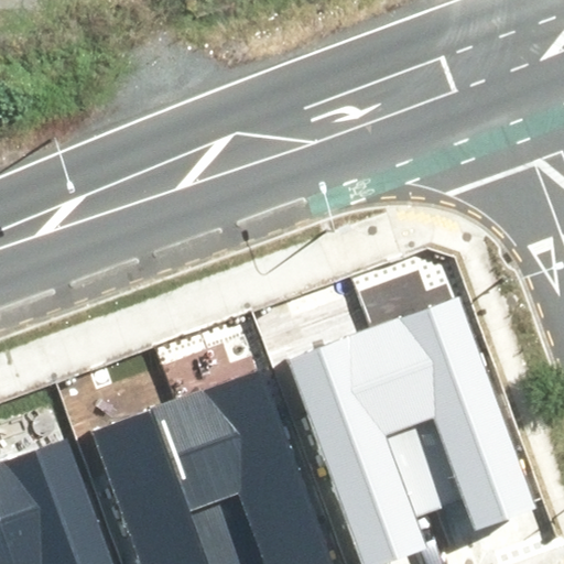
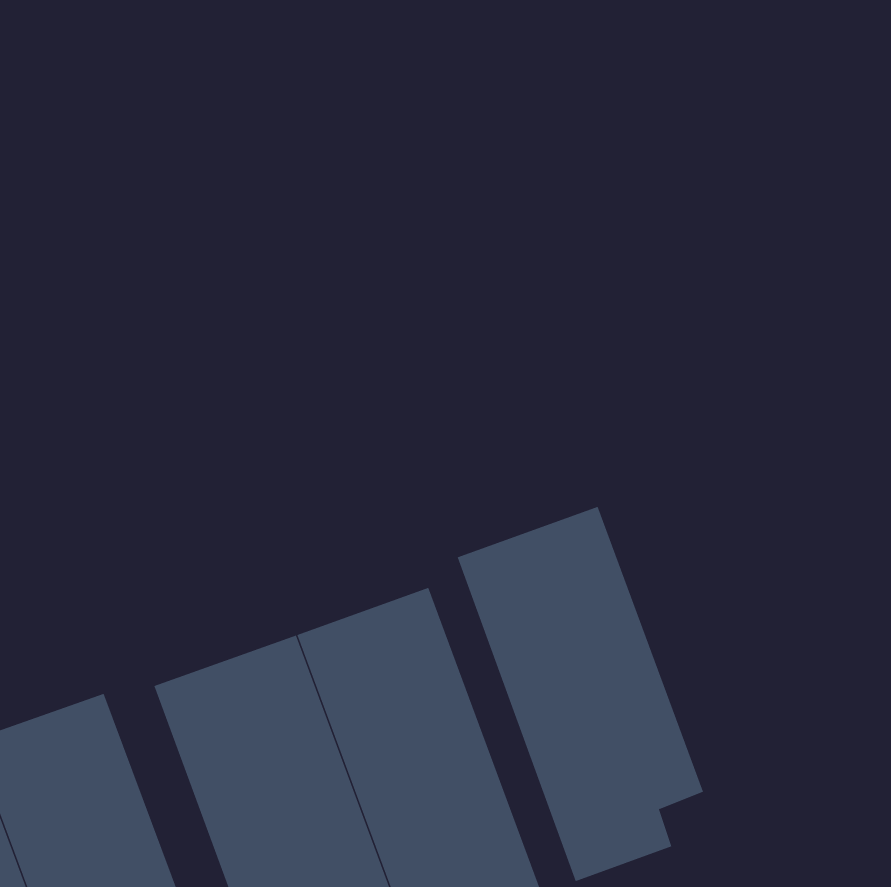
building: [373,295,534,524] -> none

